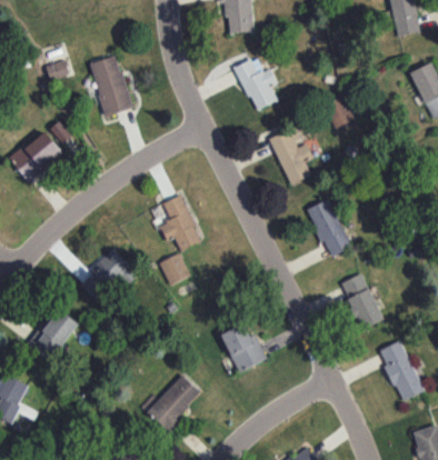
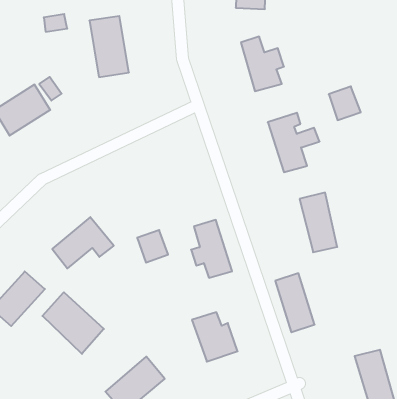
building: [160,196,201,251] -> [191,220,232,278]
building: [340,273,382,330] -> [275,273,315,332]
building: none -> [42,292,104,354]

